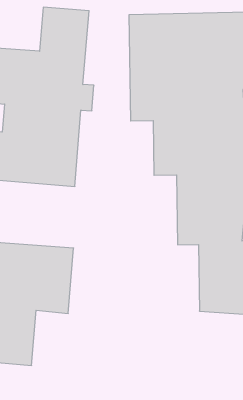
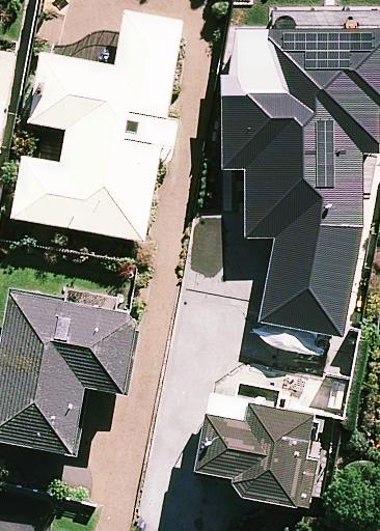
building: none -> [193,403,311,507]

